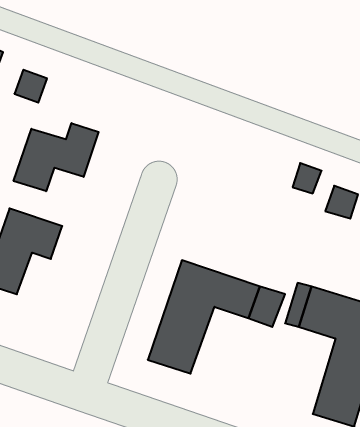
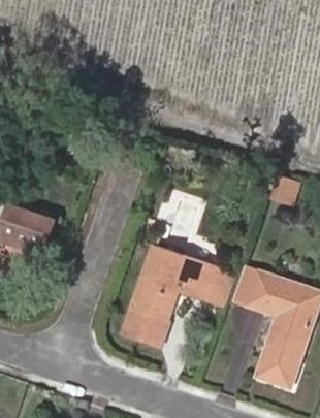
building: [14,123,99,191] -> none

